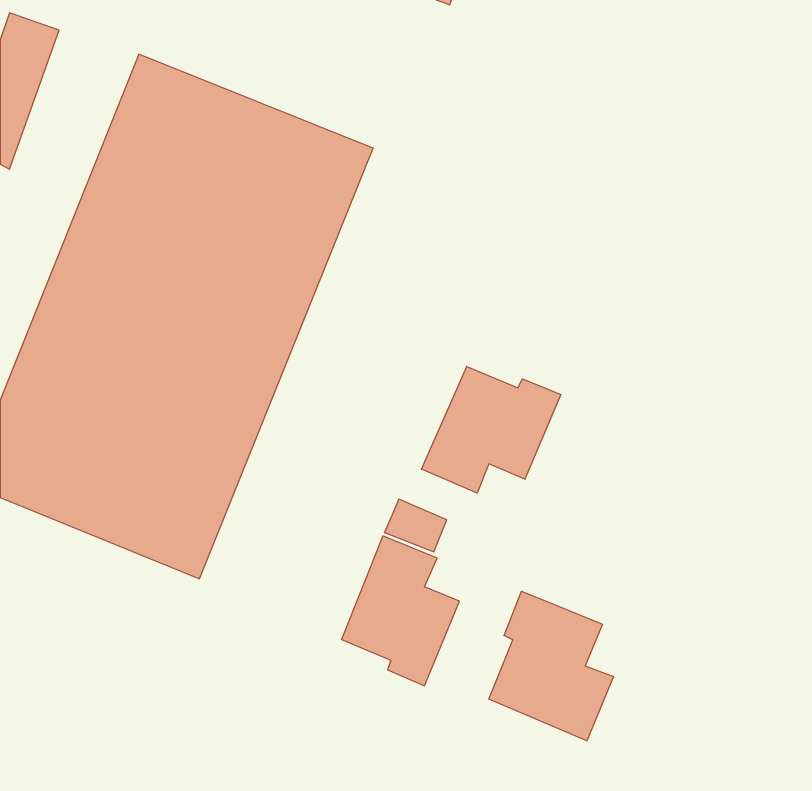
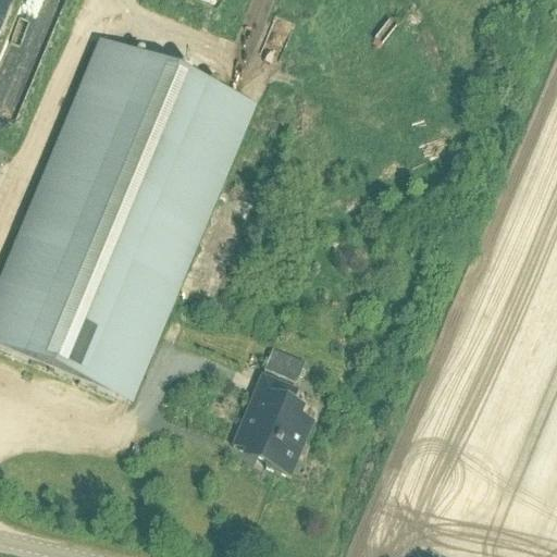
building: [421,366,561,493] -> none
building: [489,591,613,741] -> none

